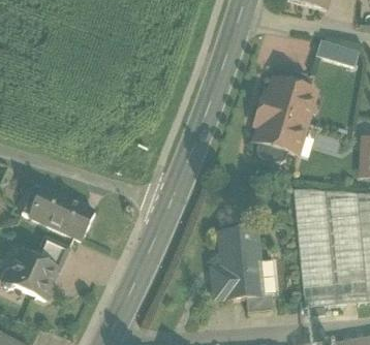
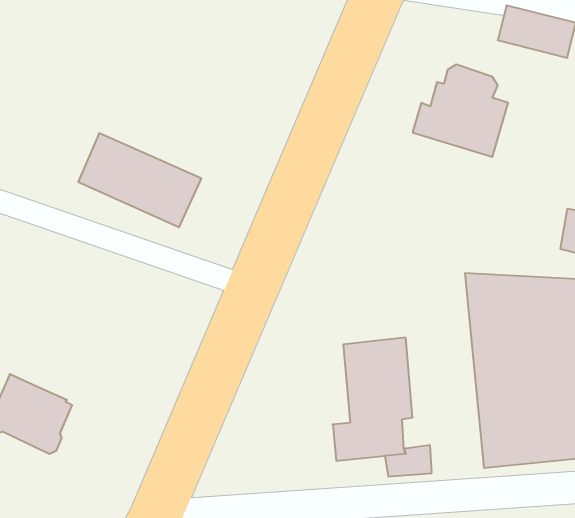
building: [254,107,307,161] -> none
building: [22,184,95,240] -> [78,133,202,227]
building: [35,237,69,271] -> none

